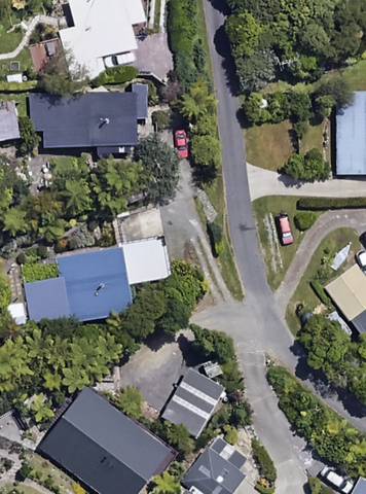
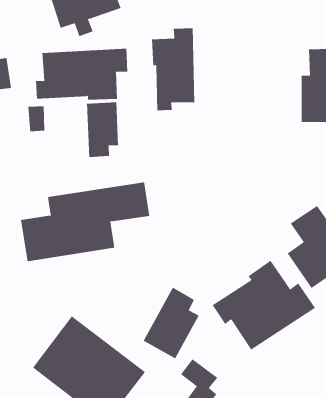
building: none -> [151,27,195,111]
building: none -> [87,101,119,158]
building: none -> [212,260,316,350]

